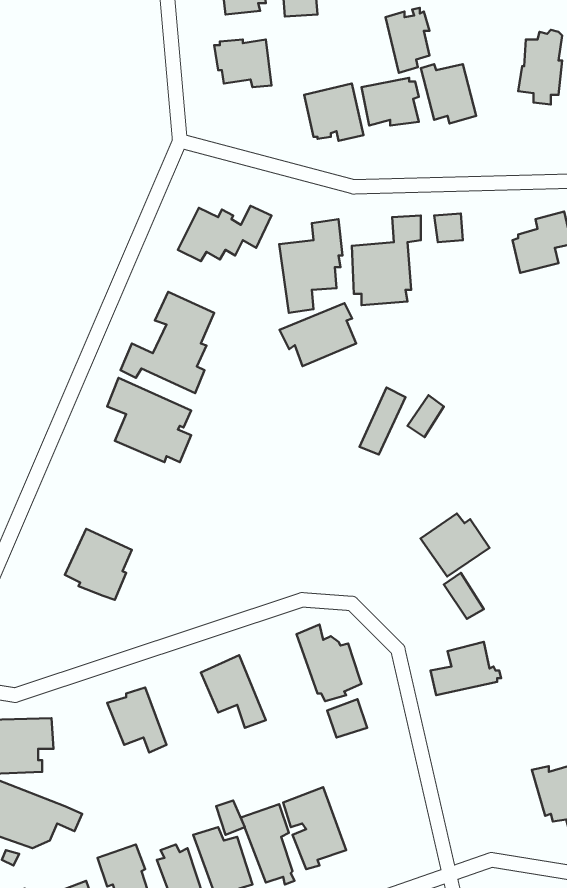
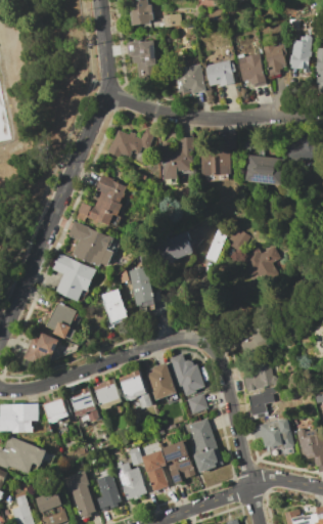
building: [385,8,429,73] -> [263,42,286,77]
building: none -> [244,155,284,185]
building: [280,303,356,366] -> [151,231,192,265]
building: none -> [52,254,96,301]
building: none -> [128,266,153,307]
building: none -> [99,290,128,329]
building: [420,514,489,577] -> [237,248,274,281]
building: none -> [24,333,59,364]
building: none -> [146,362,179,403]
building: none -> [94,379,122,417]
building: none -> [245,386,278,419]
building: none -> [44,398,70,424]
building: none -> [251,418,294,456]
building: none -> [188,419,223,472]

